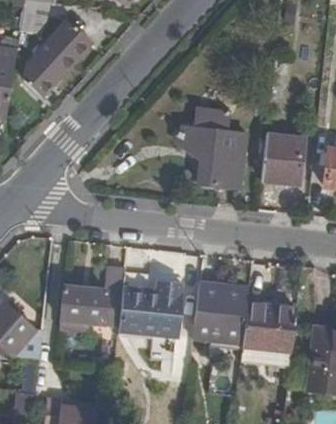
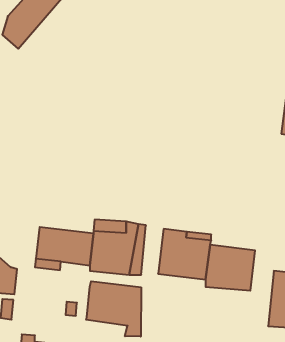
building: [176,109,245,188] -> none
building: [261,132,302,182] -> none
building: none -> [86,281,141,337]

